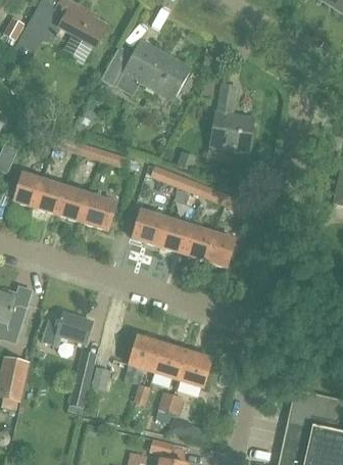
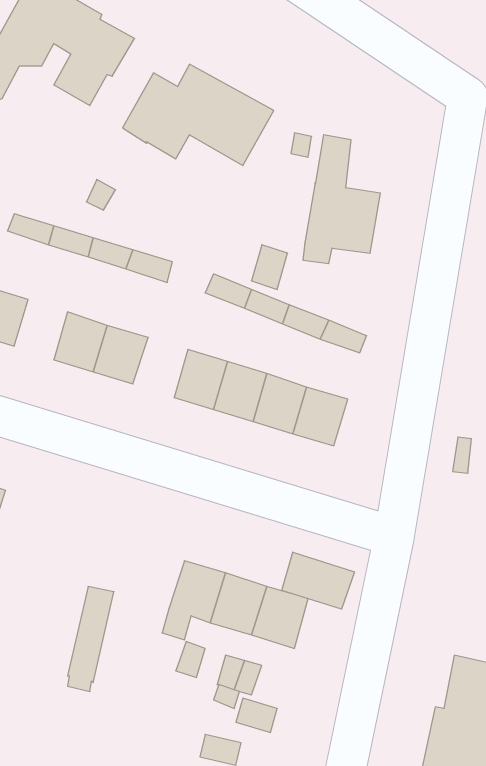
building: [37,180,68,216] -> none
building: [41,312,93,346] -> none
building: none -> [282,552,354,609]

